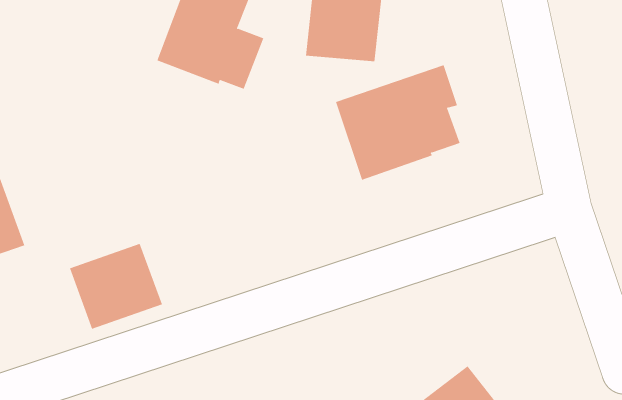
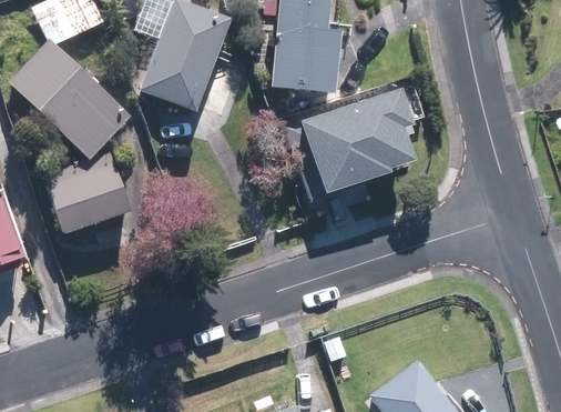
building: none -> [11,40,129,155]
building: [69,243,163,329] -> [47,154,130,231]

